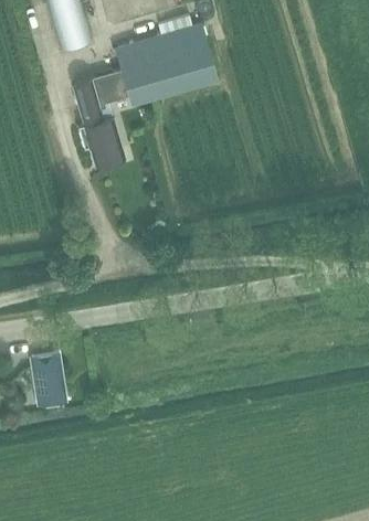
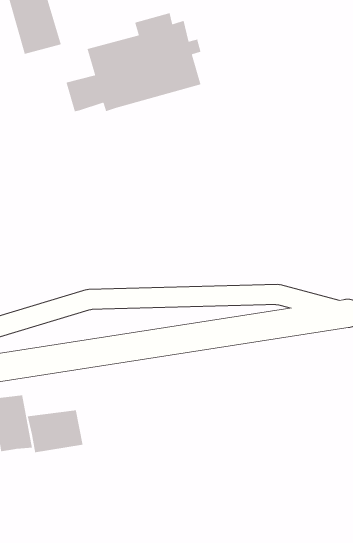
building: [72,77,125,166] -> none
building: none -> [27,409,83,453]

